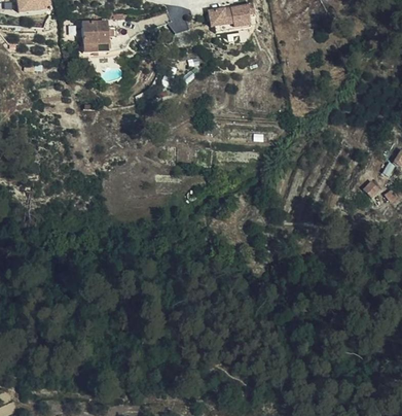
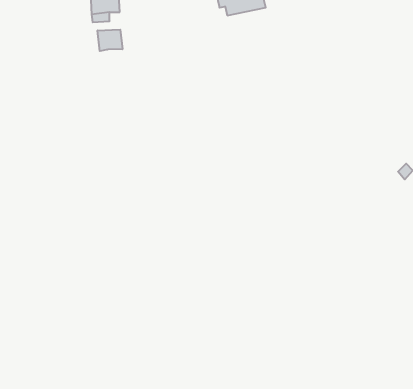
building: none -> [98,30,122,51]

